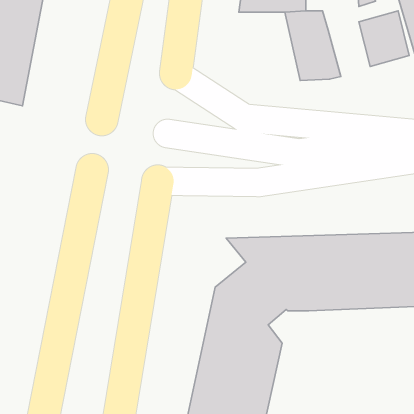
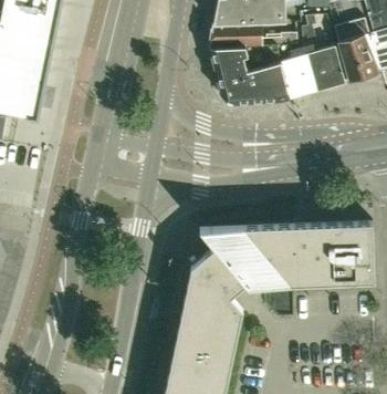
building: none -> [275,46,313,100]
building: none -> [209,49,258,104]

